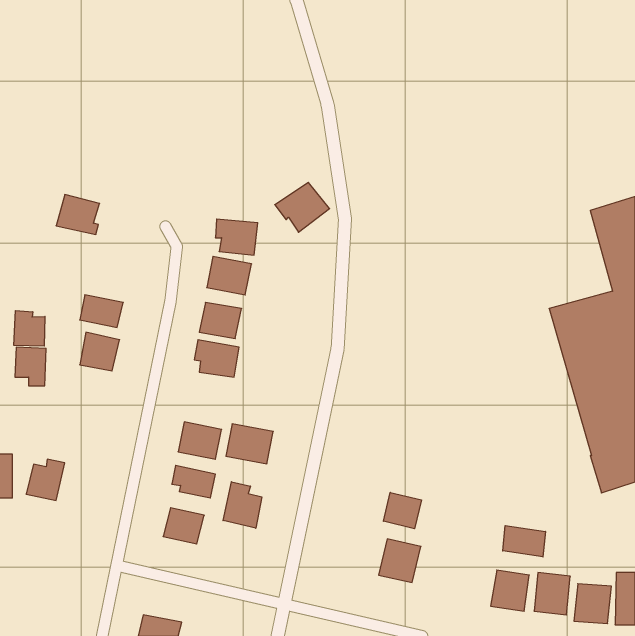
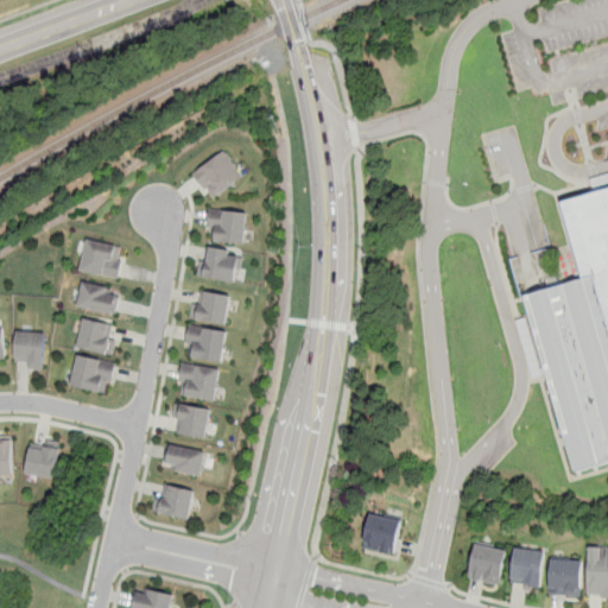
building: [275,182,330,232] -> [190,151,242,198]
building: [56,195,100,234] -> [78,240,120,278]
building: [14,311,45,346] -> none
building: none -> [70,356,114,394]
building: [226,424,273,464] -> [176,362,221,400]
building: [223,482,262,528] -> none
building: [383,492,421,529] -> none
building: [503,526,545,557] -> none

